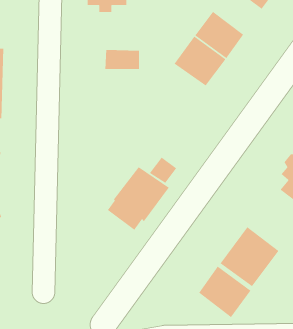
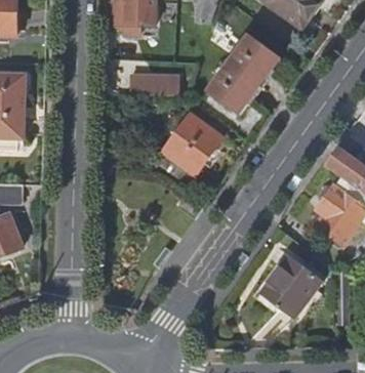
building: [107,166,170,231] -> [158,115,224,182]
building: [198,266,251,318] -> none

